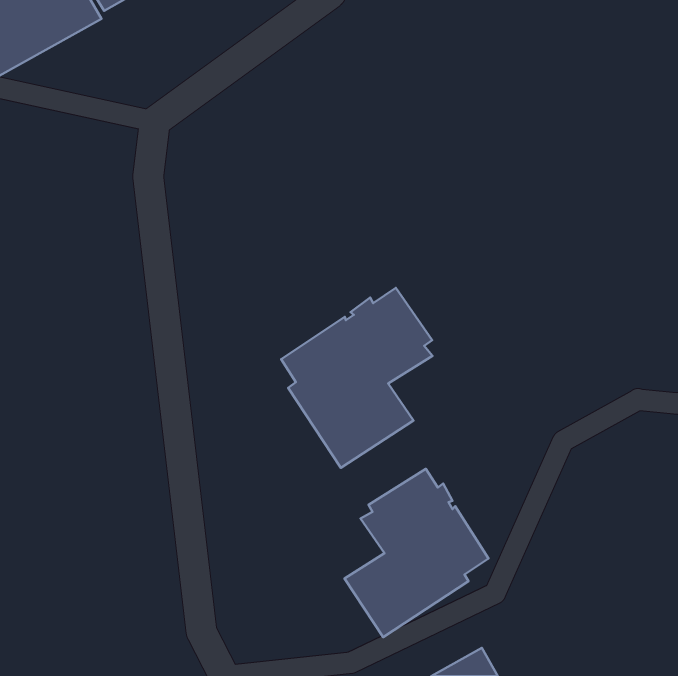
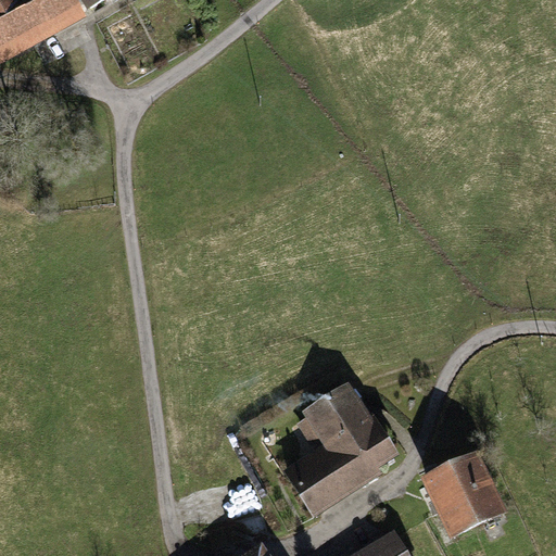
building: [281,288,432,468] -> none
building: none -> [419,450,507,540]

